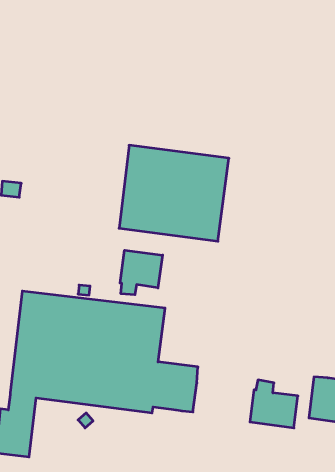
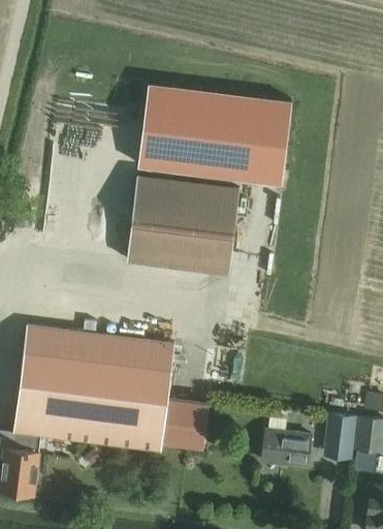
building: none -> [138,85,292,186]
building: [120,250,163,295] -> none

